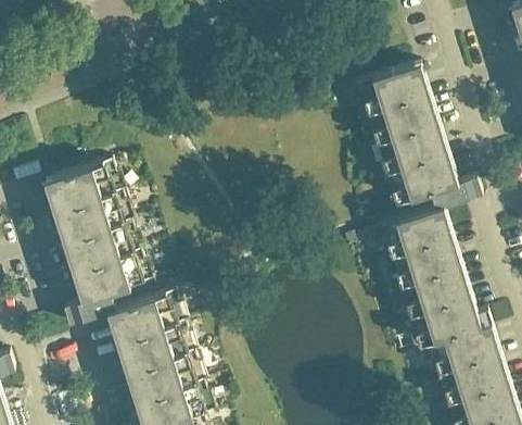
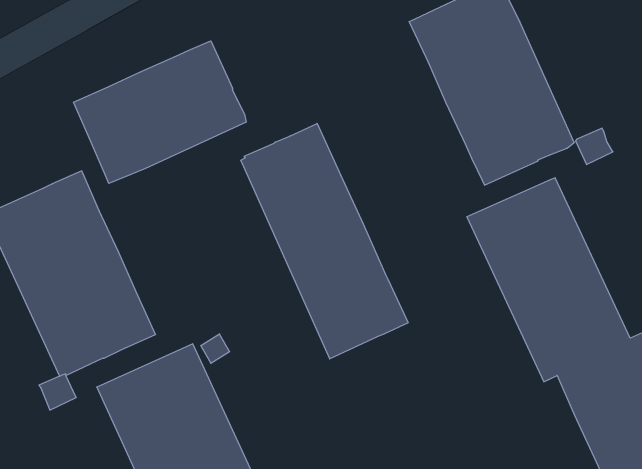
building: none -> [73,41,246,183]
building: none -> [241,123,408,359]

